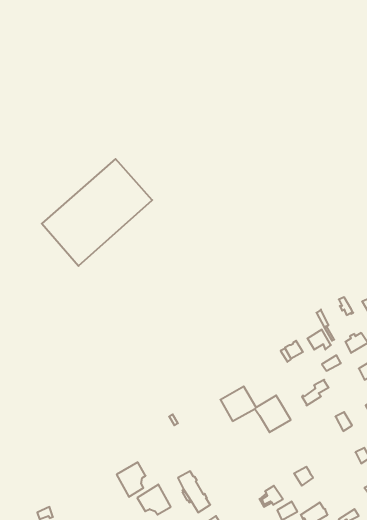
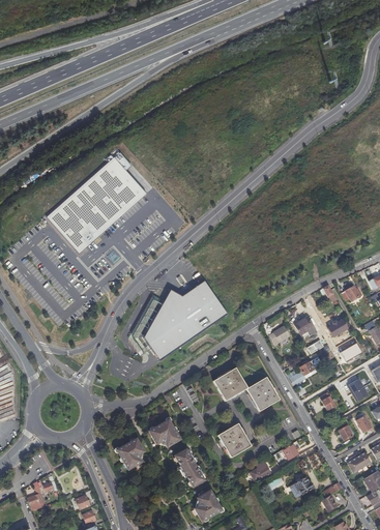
building: none -> [145,279,228,359]
building: none -> [217,422,251,457]
building: [137,484,171,515] -> [149,418,180,446]

